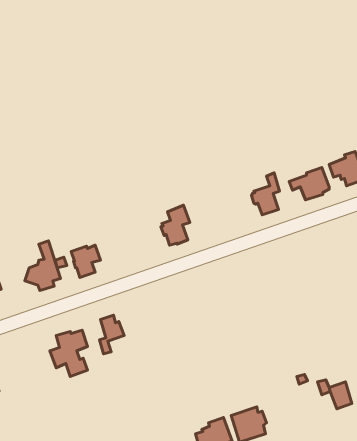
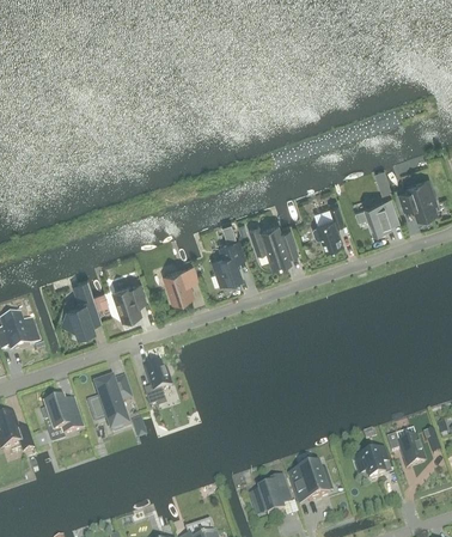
building: none -> [248,220,297,264]
building: none -> [163,263,196,299]
building: none -> [41,395,81,431]
building: none -> [355,445,389,476]

